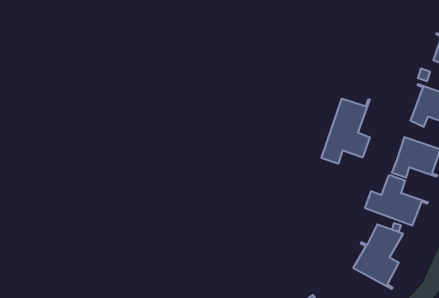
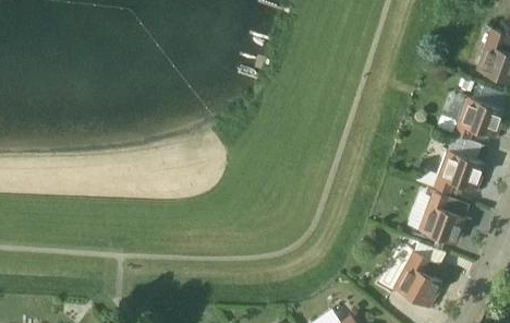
building: [321,99,370,164] -> none

